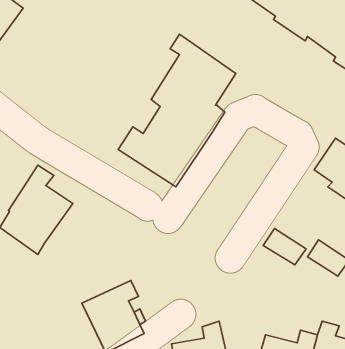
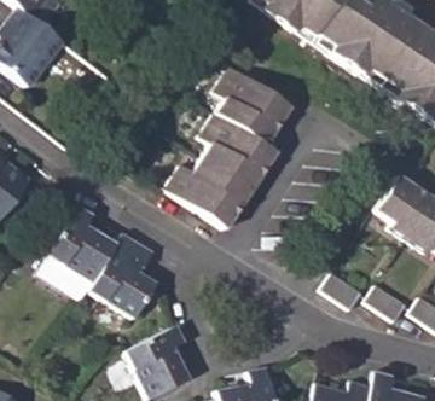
building: none -> [83,232,150,316]

